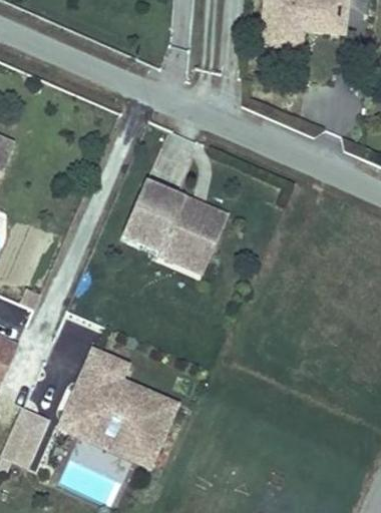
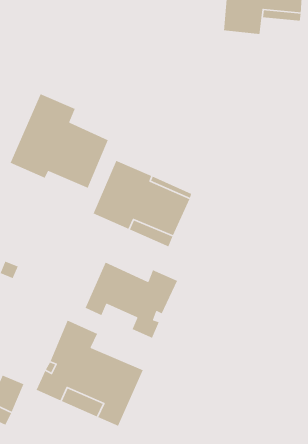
building: none -> [9,93,109,189]
building: none -> [84,261,178,339]

